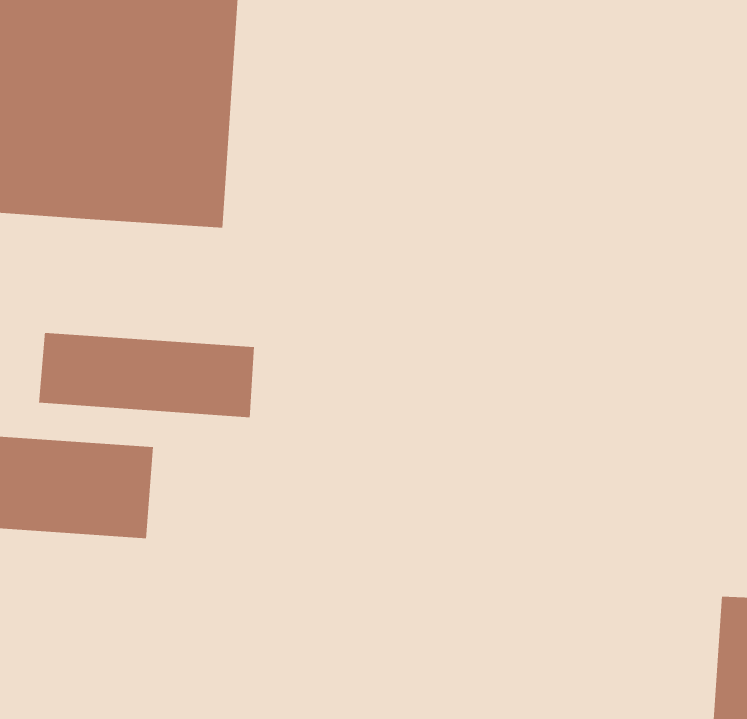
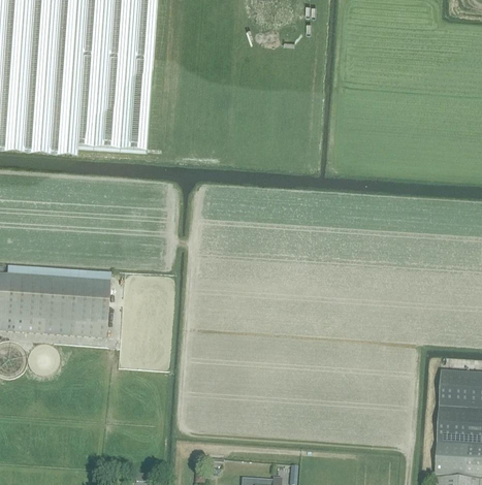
building: [38,332,255,418] -> none

